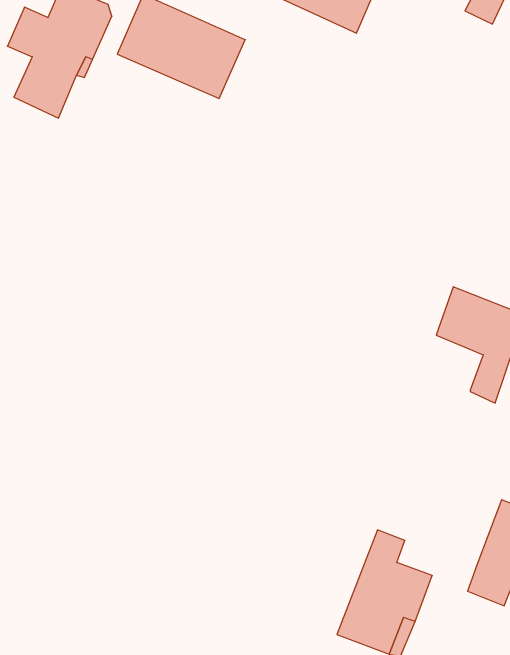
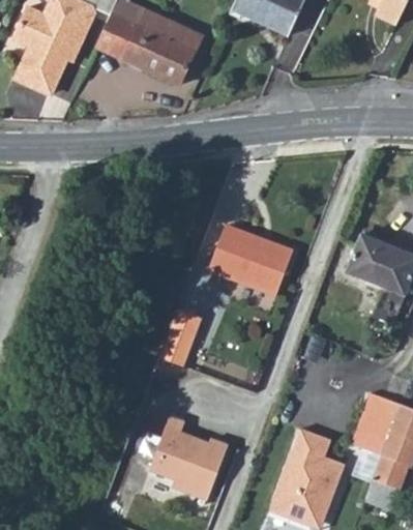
building: none -> [210,225,295,294]
building: none -> [160,308,202,365]
building: none -> [350,389,401,453]
building: none -> [152,415,231,501]

